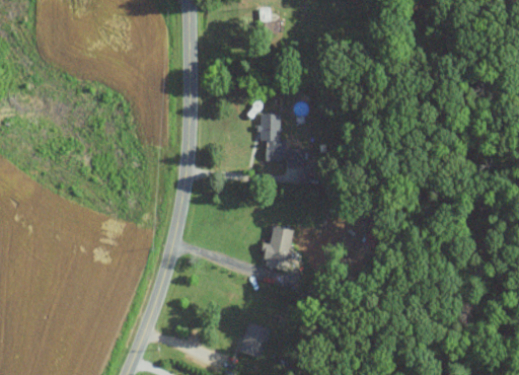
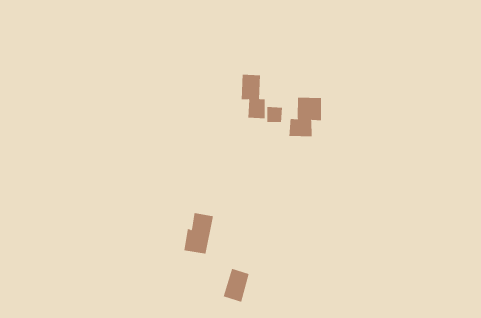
building: none -> [289,97,322,137]
building: [263,225,295,270] -> [183,212,214,254]

